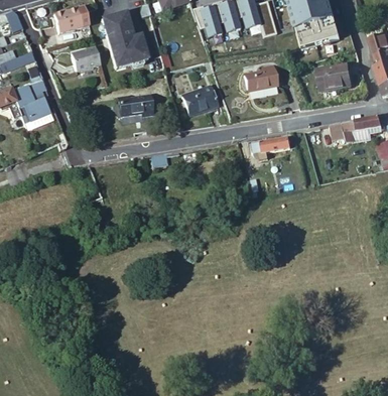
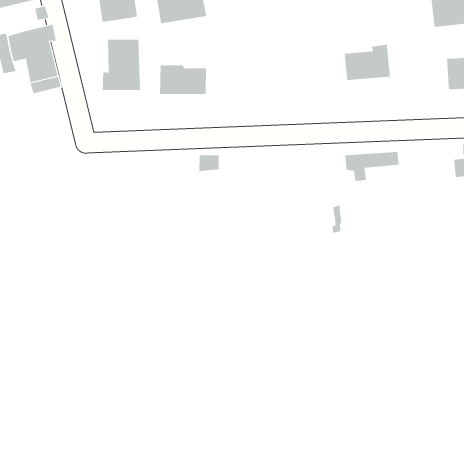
building: none -> [102,39,140,91]
building: [181,85,217,116] -> none

